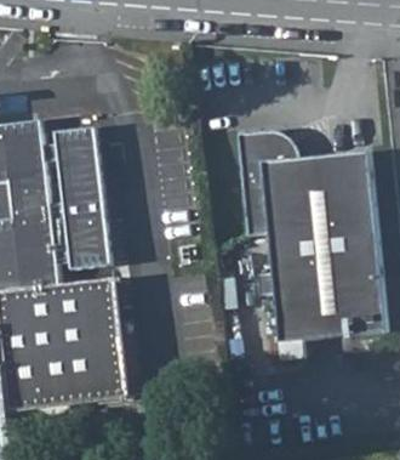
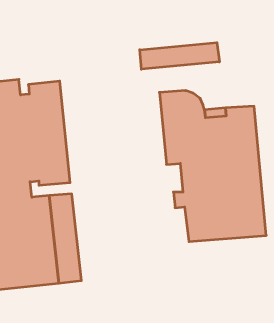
building: none -> [140,43,219,69]

